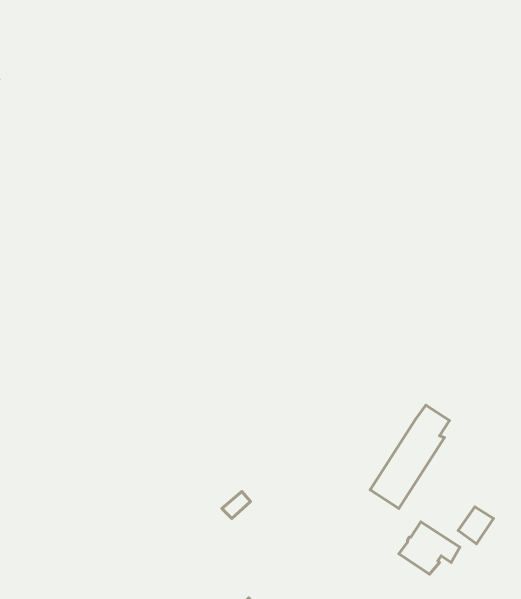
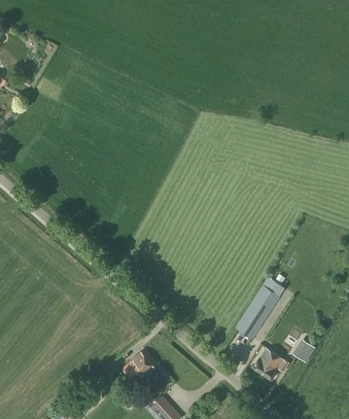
building: none -> [121,351,155,384]

